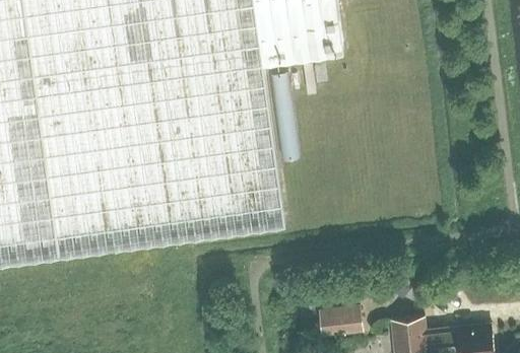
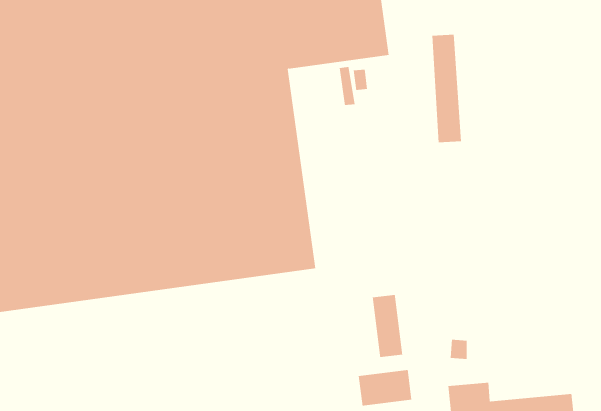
building: [272,67,297,154] -> [432,34,462,143]
building: none -> [372,294,403,358]

